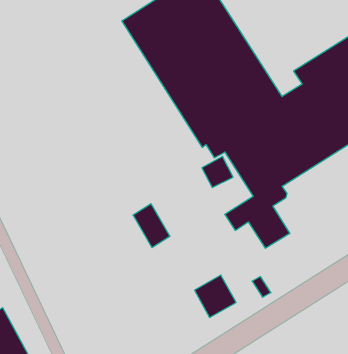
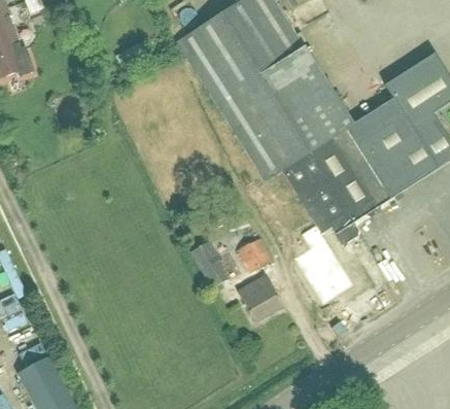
building: [202,156,233,187] -> [239,237,273,271]
building: [195,275,236,318] -> [238,274,283,320]

